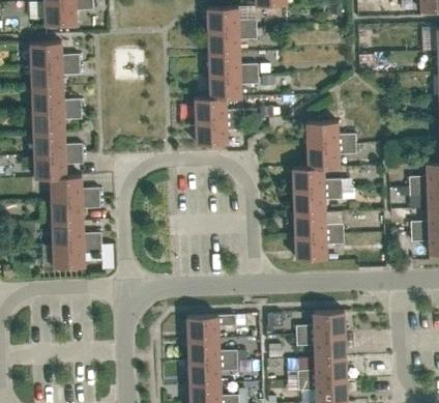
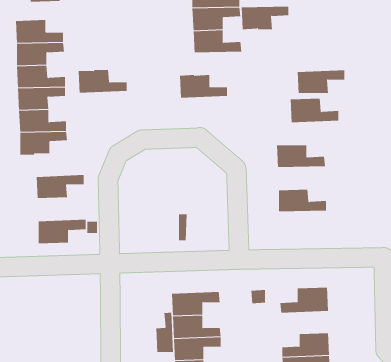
building: [209,75,258,98] -> [241,6,289,30]
building: [196,119,244,144] -> none
building: [306,144,355,168] -> [297,70,345,94]
building: [50,176,99,200] -> [78,70,127,93]
building: [293,190,342,213] -> none
building: [52,221,101,244] -> none
building: [294,234,344,259] -> none
building: [296,335,345,357] -> none
building: none -> [156,312,174,353]

